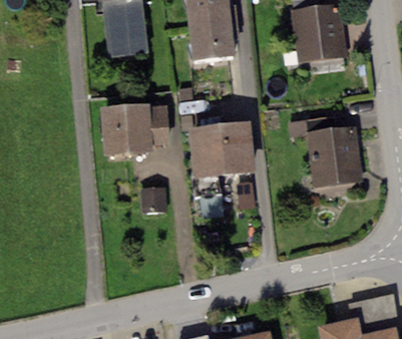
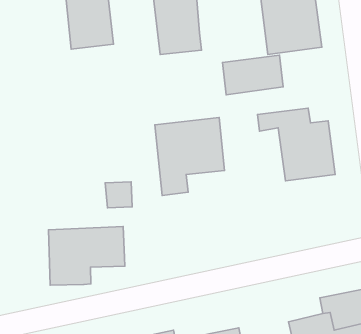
building: none -> [222,55,283,95]
building: [99,107,169,162] -> none
building: none -> [48,226,125,285]

